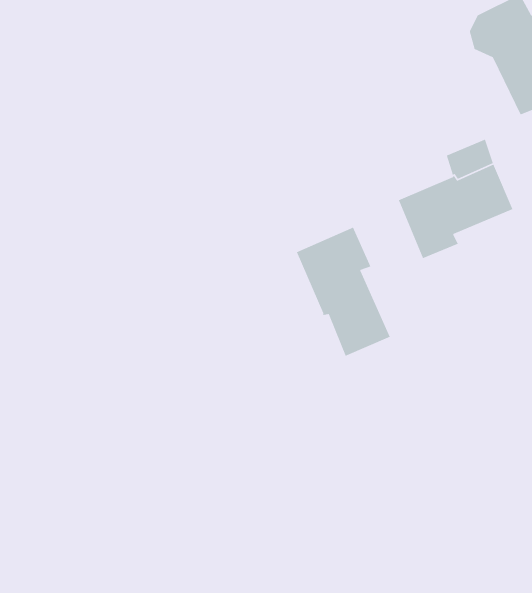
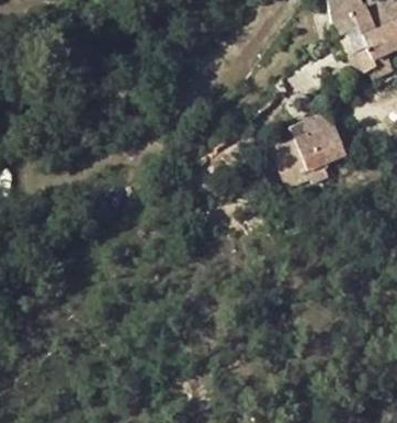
building: [296,226,391,357] -> none

